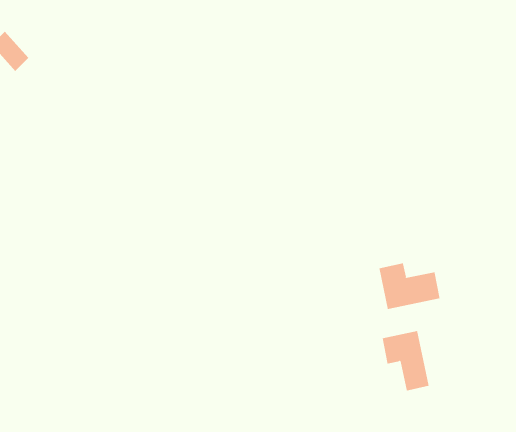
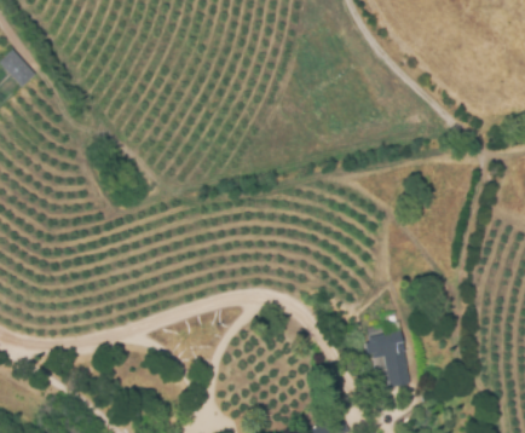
building: [379,262,440,310] -> none

